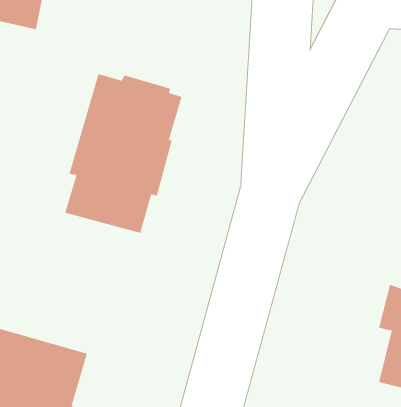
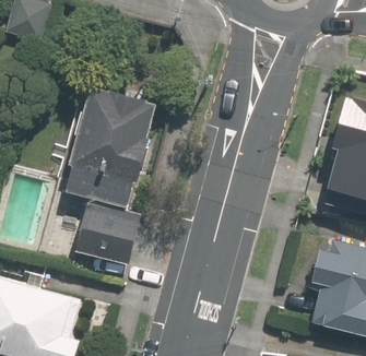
building: none -> [71,203,137,268]

